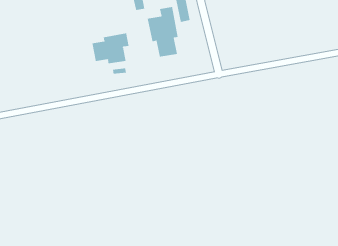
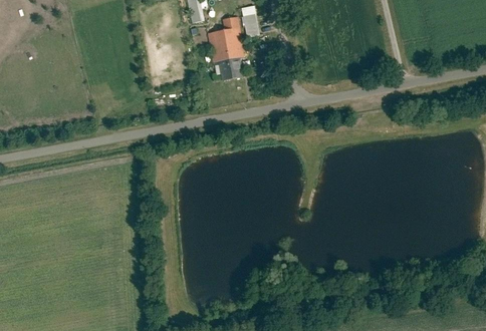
building: [92,32,129,64] -> none

